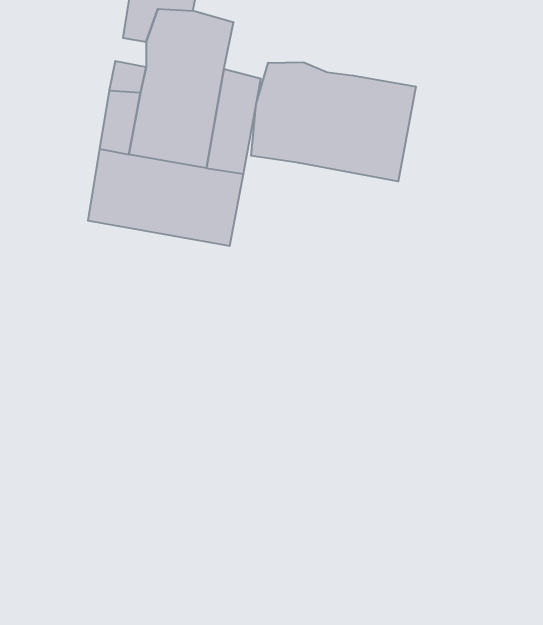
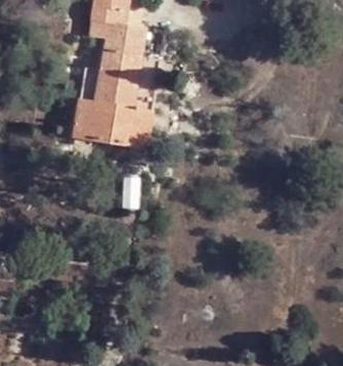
building: [251,62,416,182] -> none

